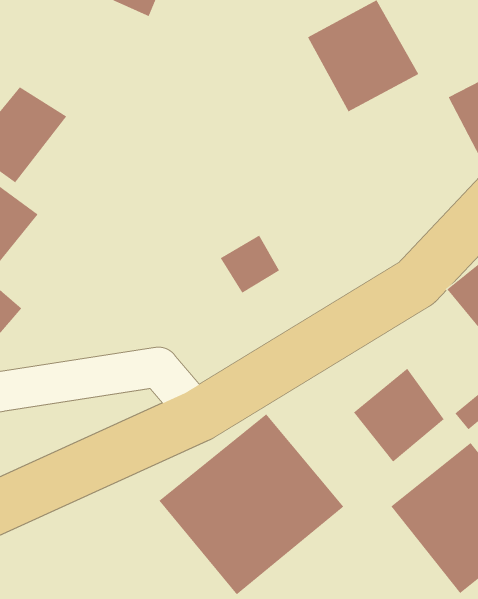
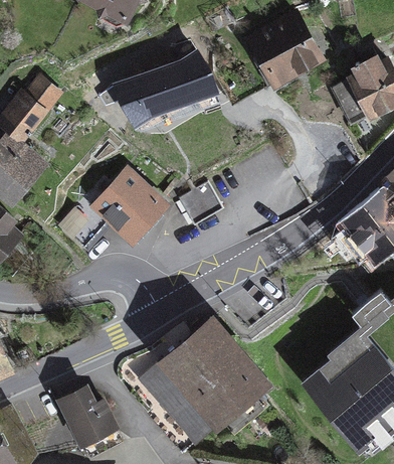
building: none -> [112,50,219,131]
building: none -> [95,171,167,242]
building: [353,368,445,462] -> none
building: none -> [45,375,109,444]

